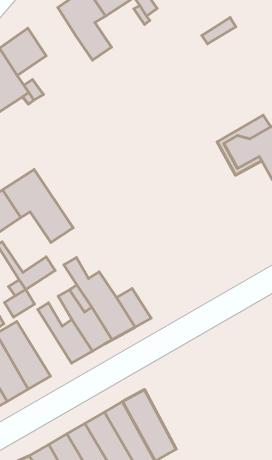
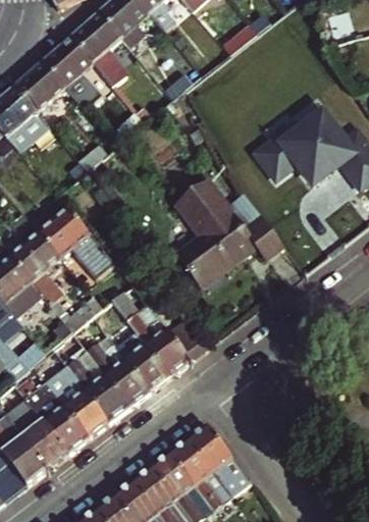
building: none -> [42,35,103,108]
building: none -> [174,178,282,289]
building: none -> [67,353,129,421]

